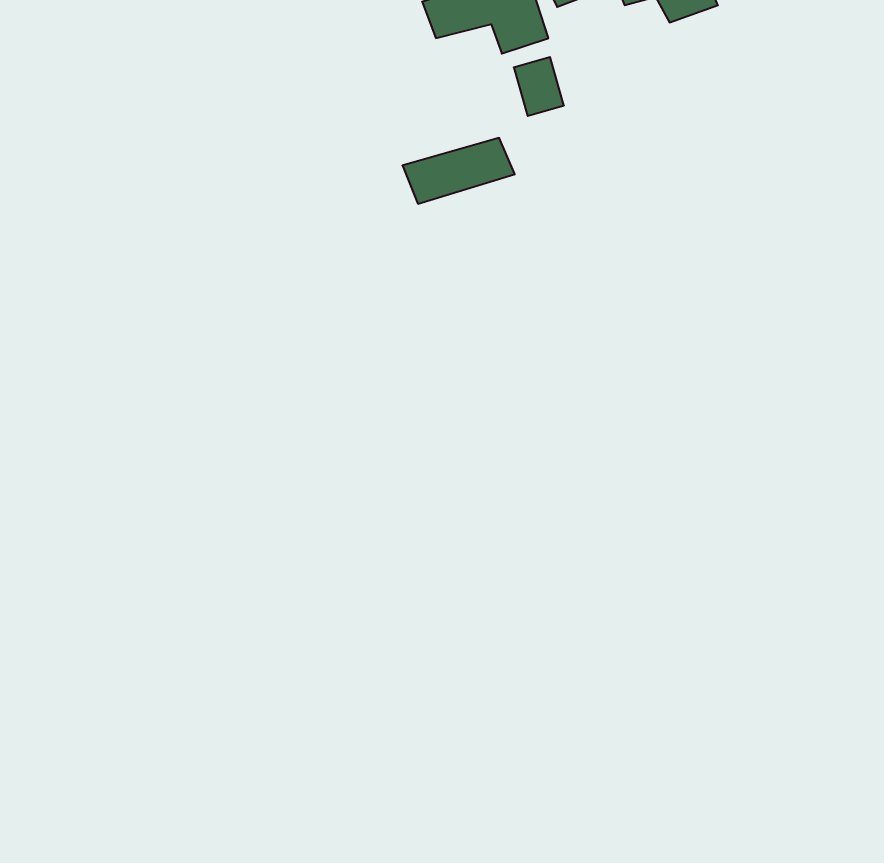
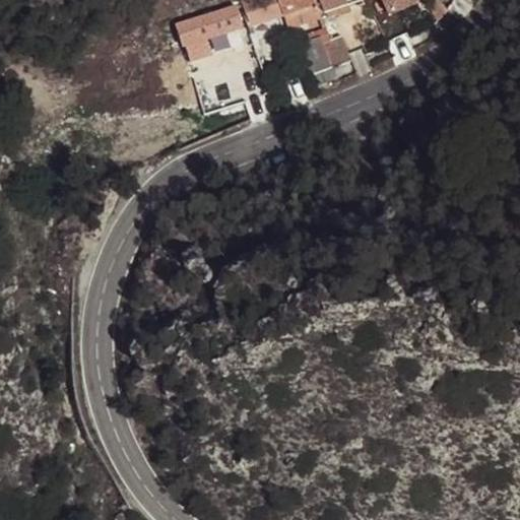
building: [402,138,515,204] -> [179,6,245,45]

